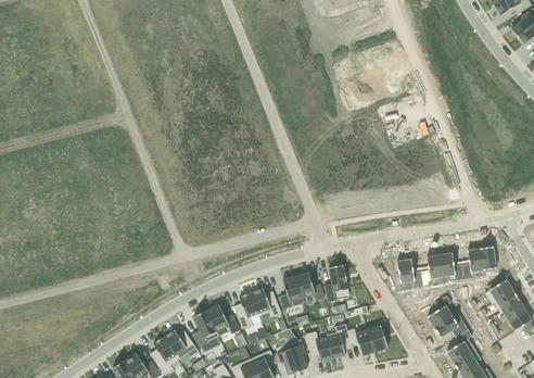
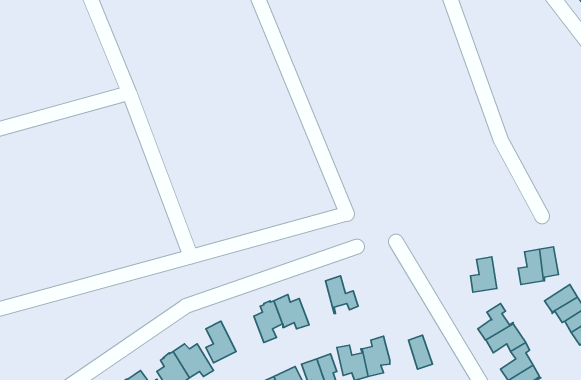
building: [438,253,463,282] -> none
building: [396,260,422,289] -> none
building: [323,265,348,302] -> none
building: [279,276,303,310] -> none
building: [205,304,239,337] -> none
building: [347,327,374,356] -> none

